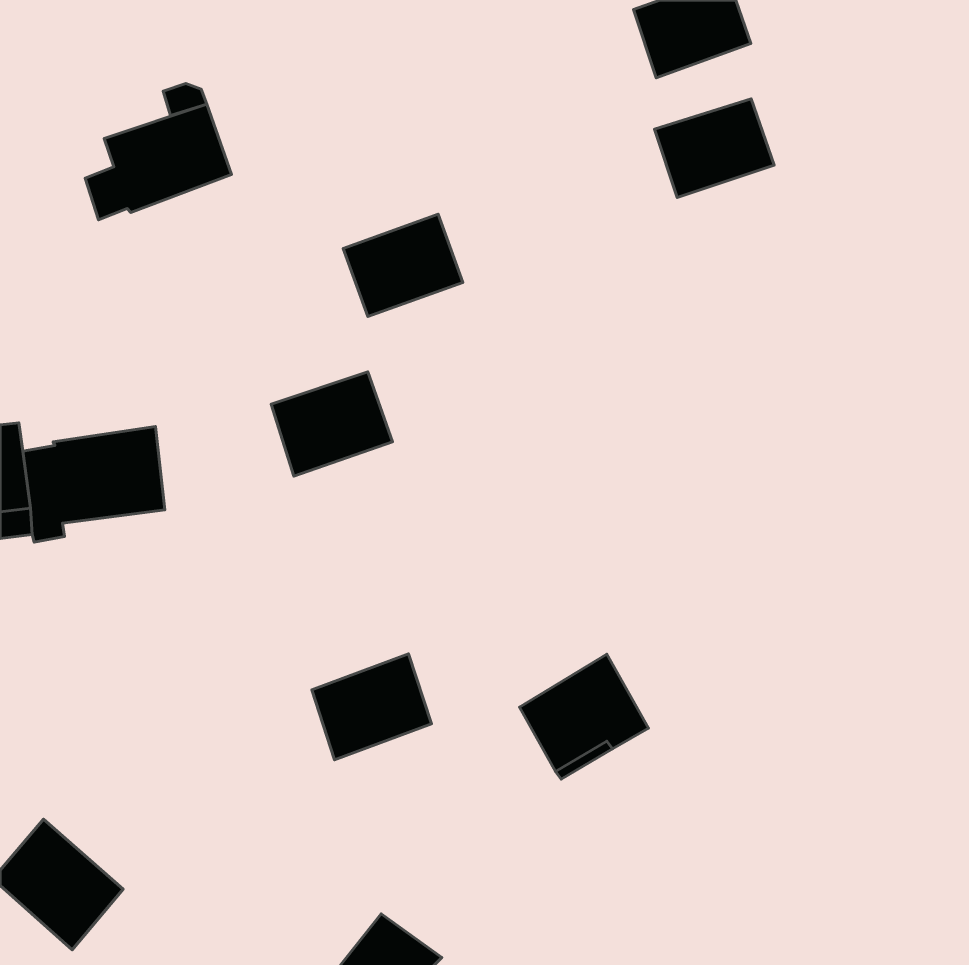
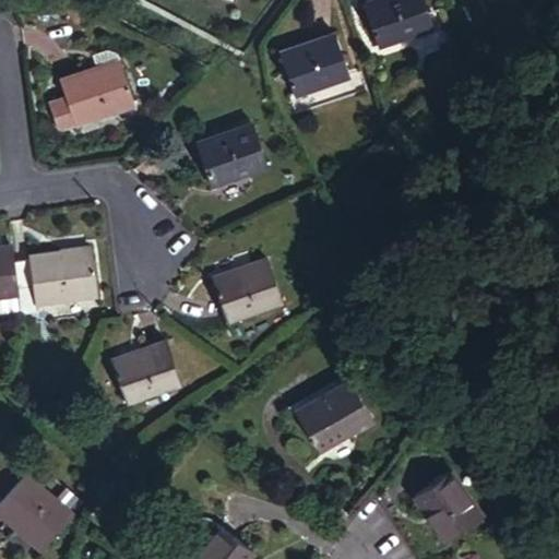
building: [655,99,774,197] -> [281,37,349,94]
building: [271,372,393,476] -> [213,261,283,321]
building: [312,654,431,760] -> [112,342,181,403]
building: none -> [415,469,483,543]

